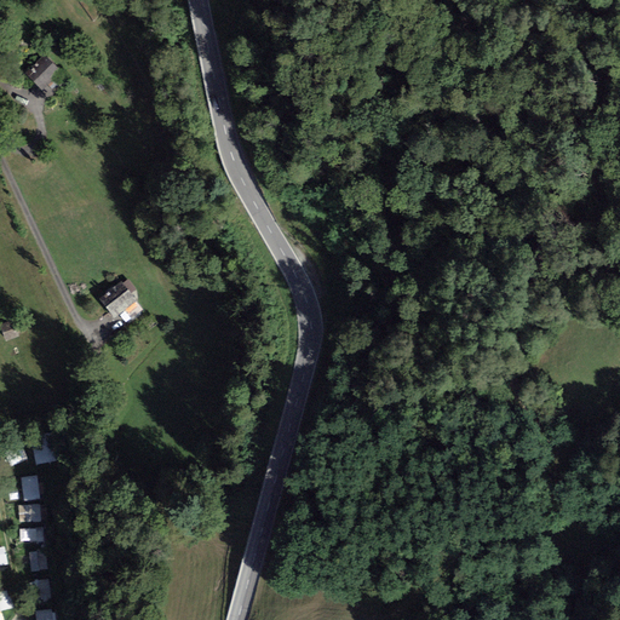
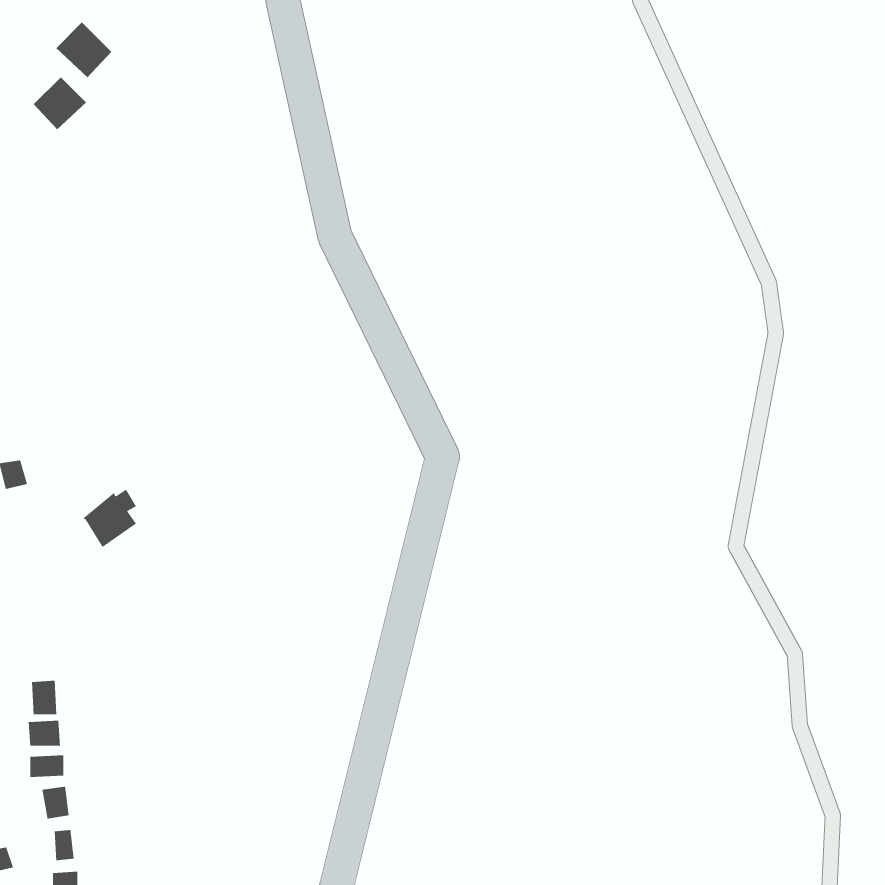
building: none -> [56,22,112,78]
building: [98,280,136,321] -> [83,489,137,548]

